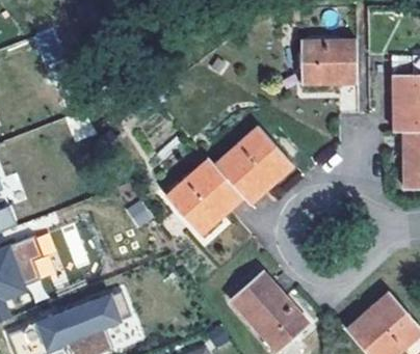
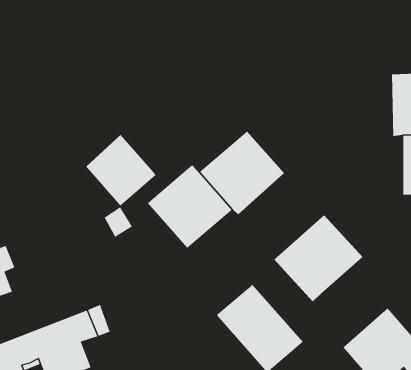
building: [304,38,358,83] -> none
building: none -> [85,134,156,206]
building: none -> [273,214,363,302]

